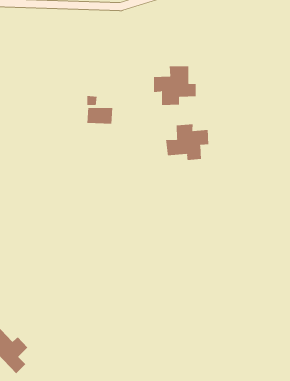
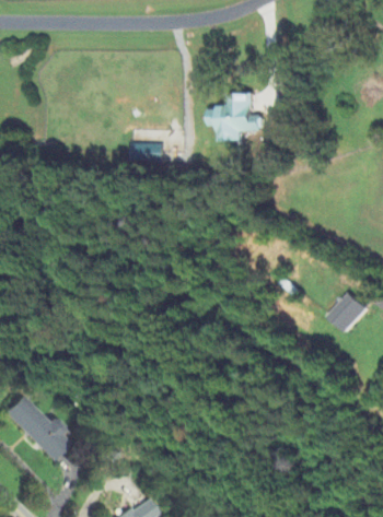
building: [165,123,209,161] -> none
building: none -> [329,290,369,330]

